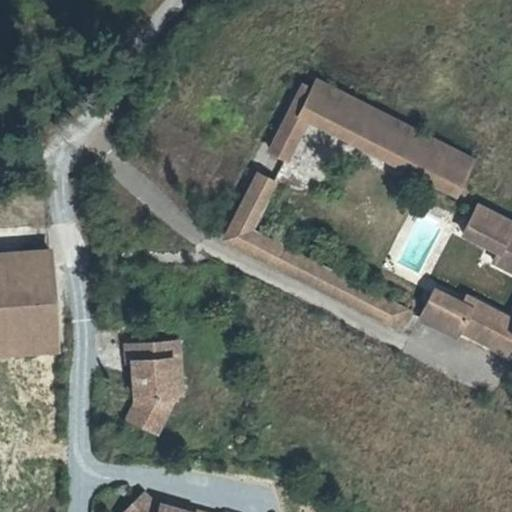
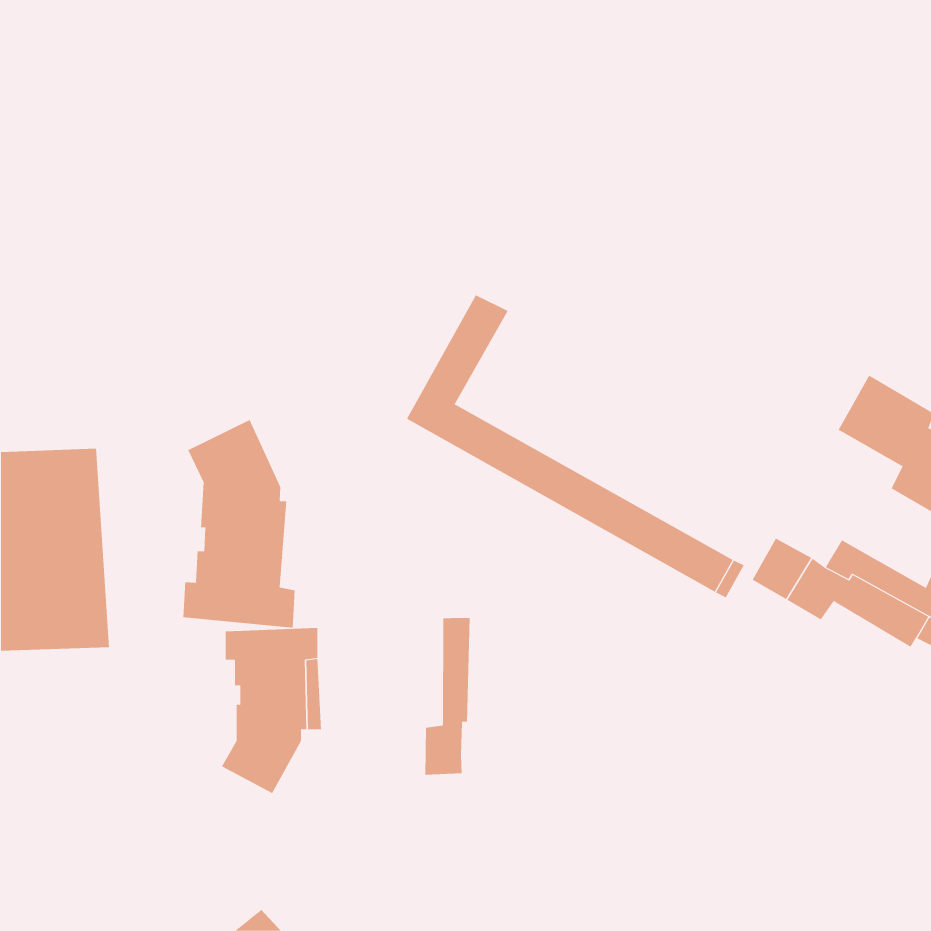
building: [269,74,469,196] -> none
building: none -> [183,419,295,628]
building: none -> [425,617,470,775]

